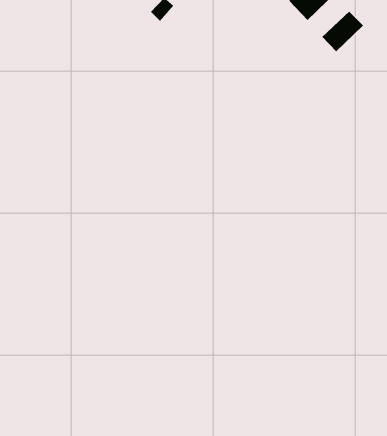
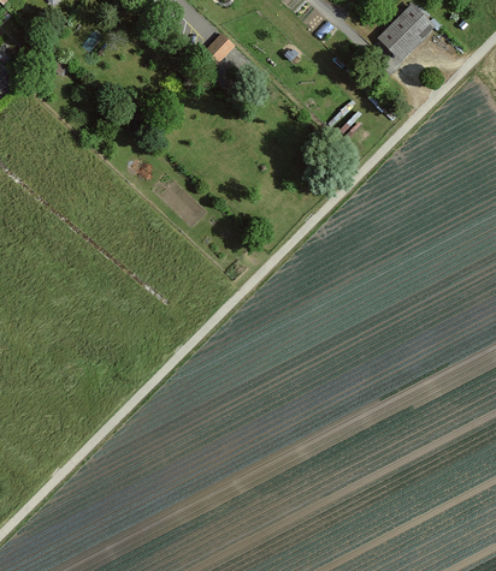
building: [322,11,364,52] -> none

